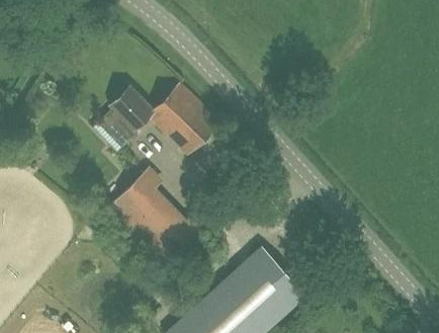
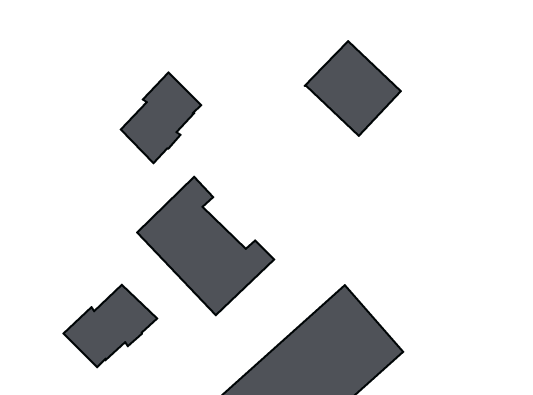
building: [149,84,221,155] -> [305,41,401,136]
building: none -> [64,285,157,367]

